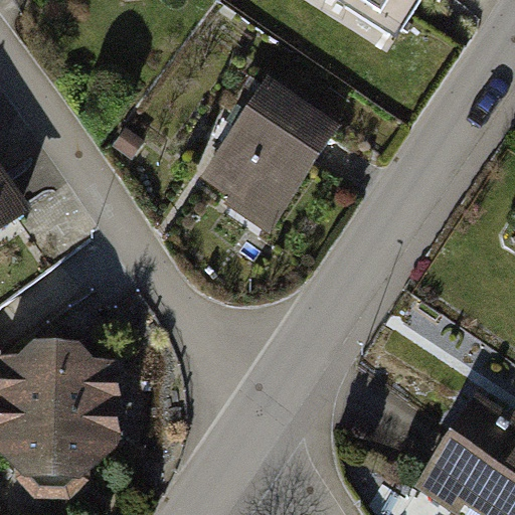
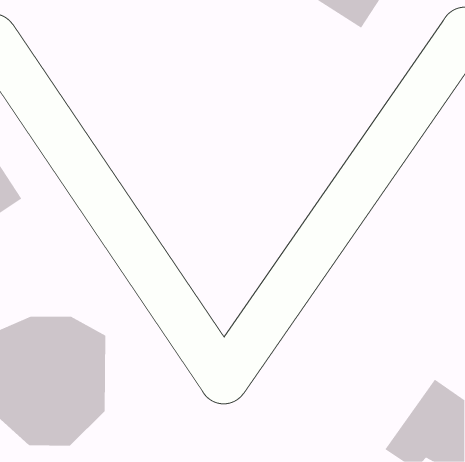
building: [198,85,333,229] -> none

